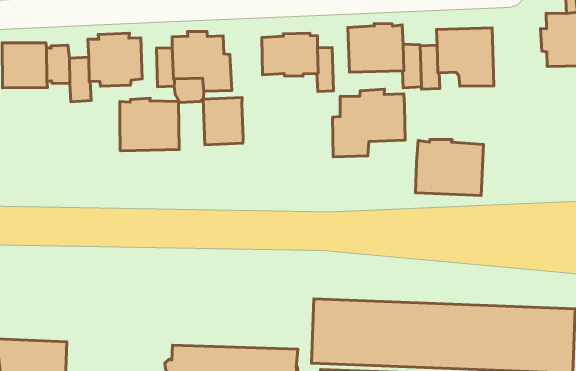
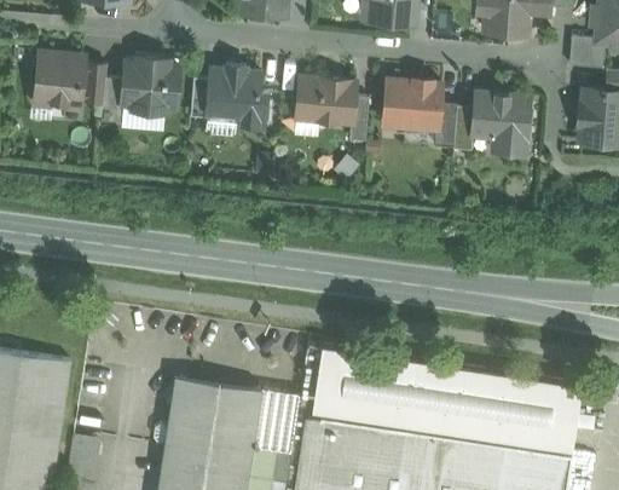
building: [333,89,405,157] -> none
building: [203,98,243,145] -> none
building: [120,98,179,151] -> none
building: [415,139,484,195] -> none

